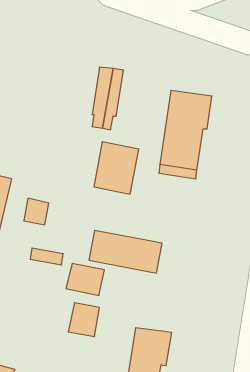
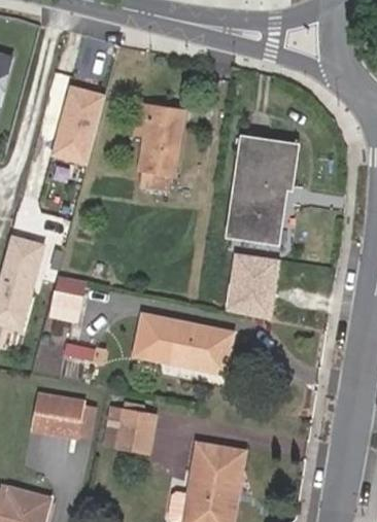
building: none -> [49,86,102,168]
building: [94,142,139,194] -> [222,251,280,318]
building: [66,263,104,296] -> [31,392,80,433]

